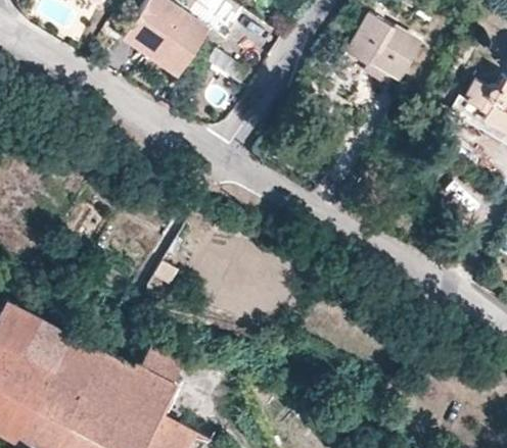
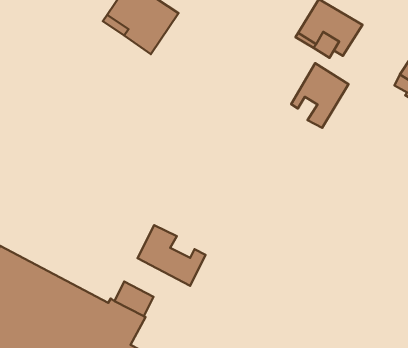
building: none -> [291,63,349,128]
building: none -> [137,225,205,286]

